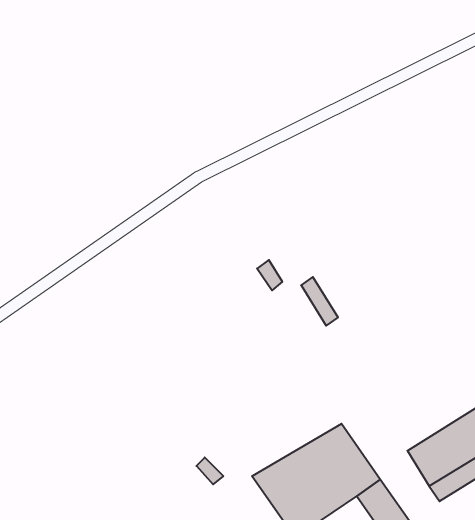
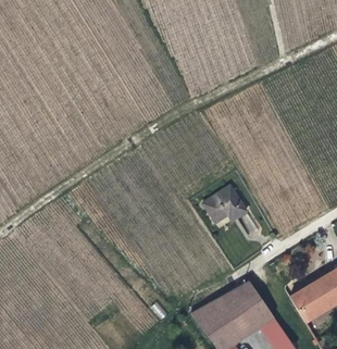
building: none -> [202,190,238,223]

